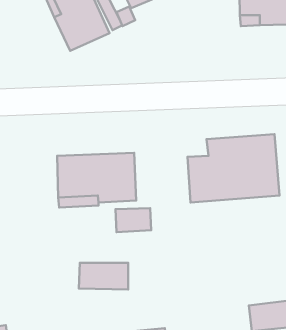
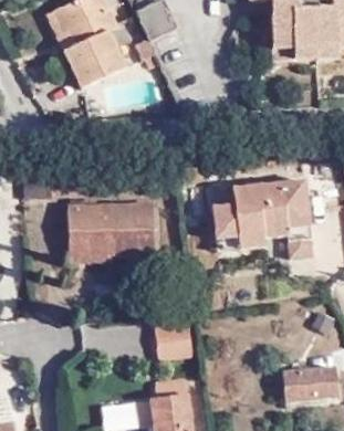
building: [116,208,151,232] -> [153,332,192,358]

